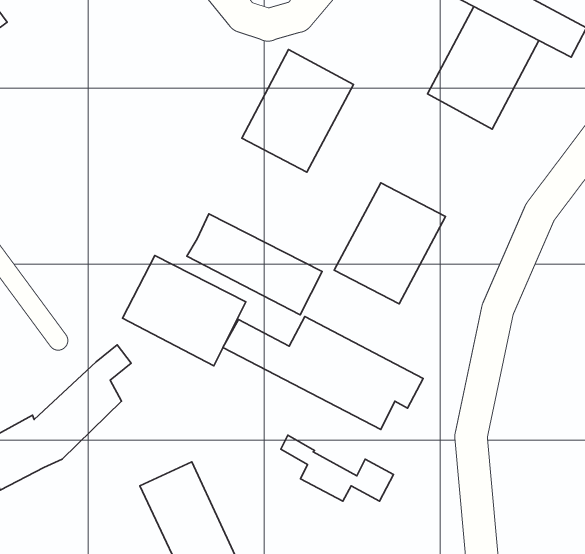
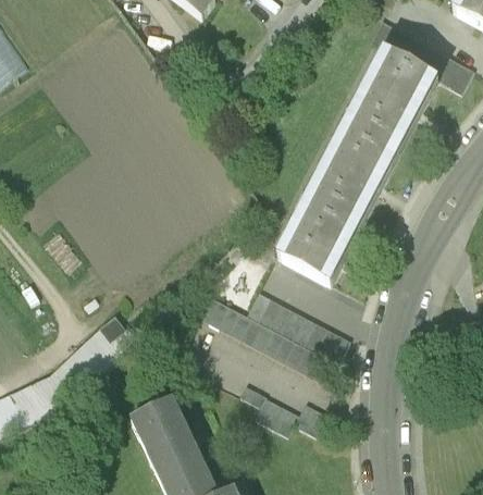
building: [242,49,353,172] -> [314,119,400,213]
building: [187,214,322,315] -> none
building: [122,256,246,366] -> none

